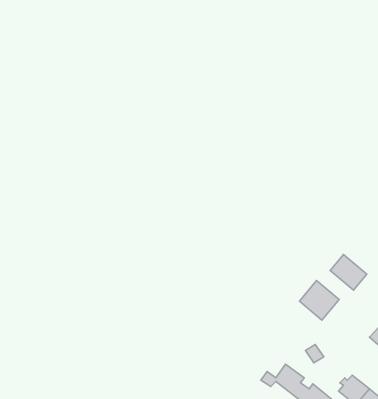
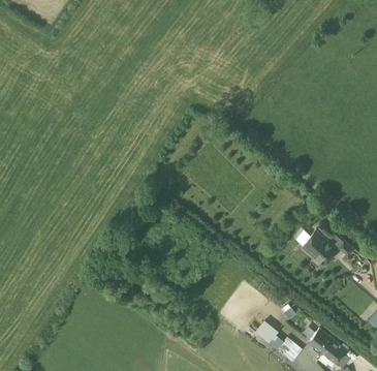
building: [299,281,339,320] -> none

